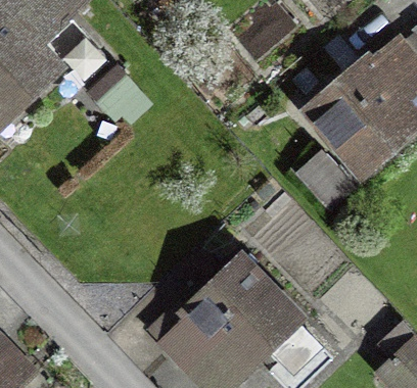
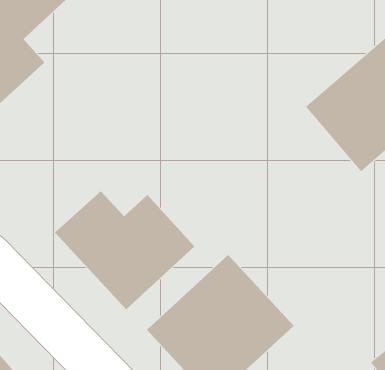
building: none -> [54,191,195,310]

